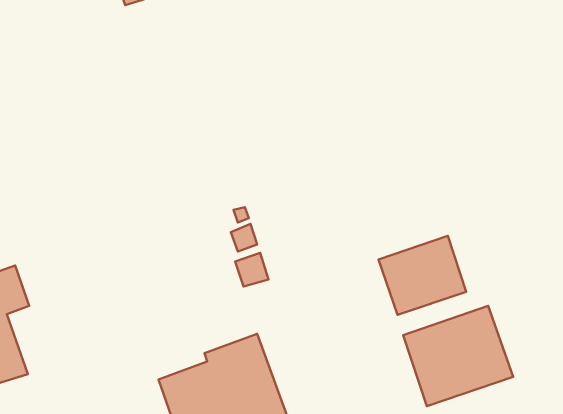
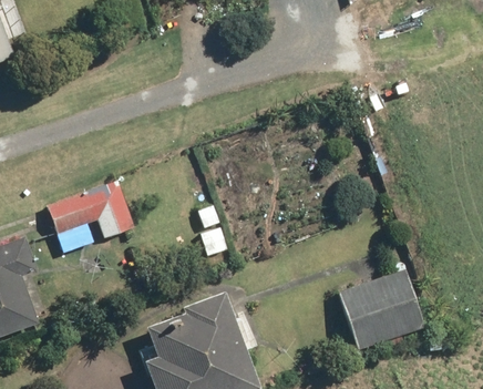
building: none -> [49,180,136,237]
building: [378,236,466,315] -> none

